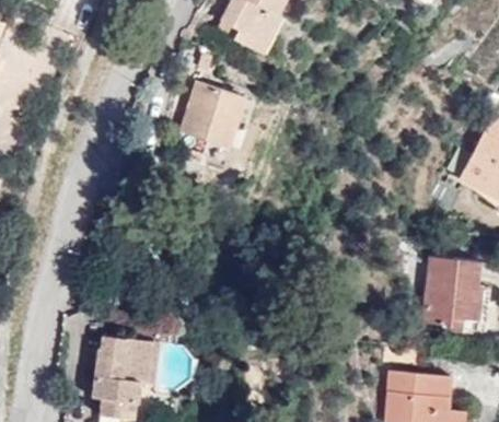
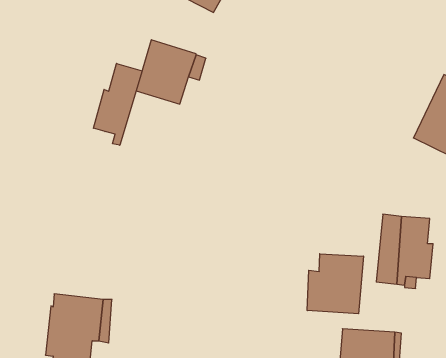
building: none -> [93,63,142,145]
building: none -> [307,254,363,314]

